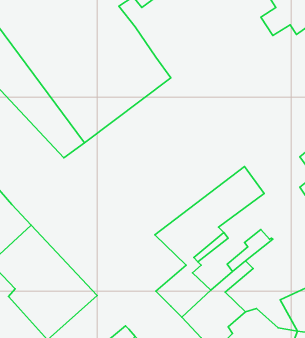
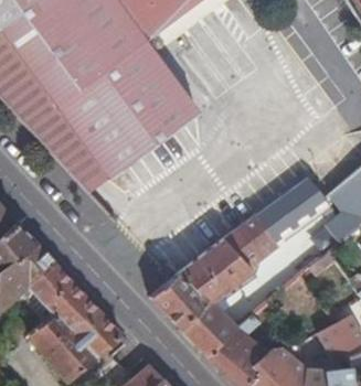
building: none -> [273,178,329,230]
building: none -> [151,272,213,330]

